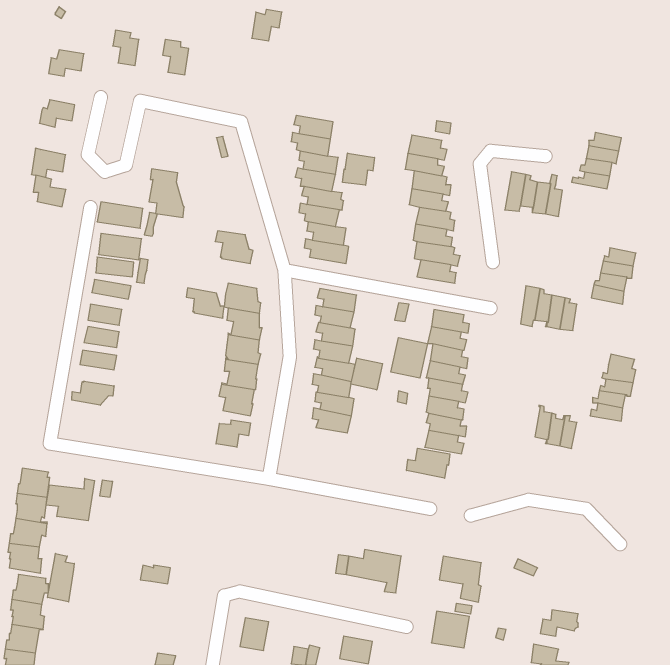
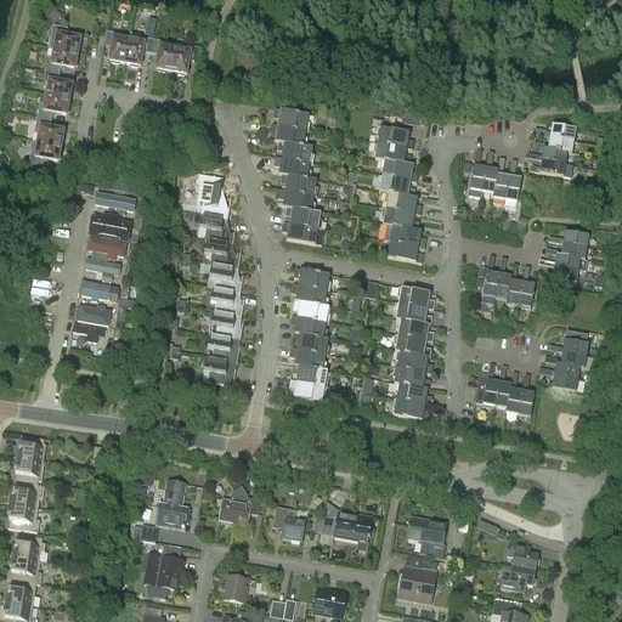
building: [252,9,282,41] -> [171,43,199,72]
building: none -> [50,22,81,50]
building: none -> [125,32,153,63]
building: none -> [43,68,73,97]
building: [343,153,374,185] -> none
building: [149,169,184,217] -> [196,173,228,217]
building: [33,175,66,207] -> [34,114,64,143]
building: [186,288,224,318] -> [204,239,239,267]
building: [391,338,427,378] -> none
building: [351,358,383,390] -> none
building: [72,381,114,405] -> none
building: none -> [475,374,501,405]
building: [216,420,250,447] -> none
building: [407,448,450,478] -> none
building: [46,478,95,521] -> none
building: none -> [156,479,187,528]
building: none -> [219,484,261,525]
building: none -> [271,505,305,541]
building: [48,553,74,602] -> none
building: none -> [507,541,539,569]
building: none -> [143,542,183,599]

